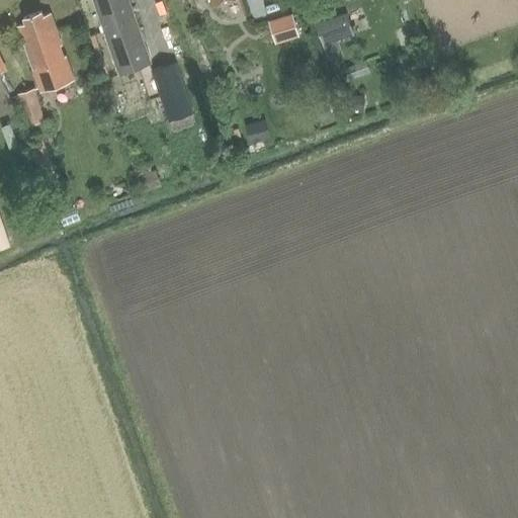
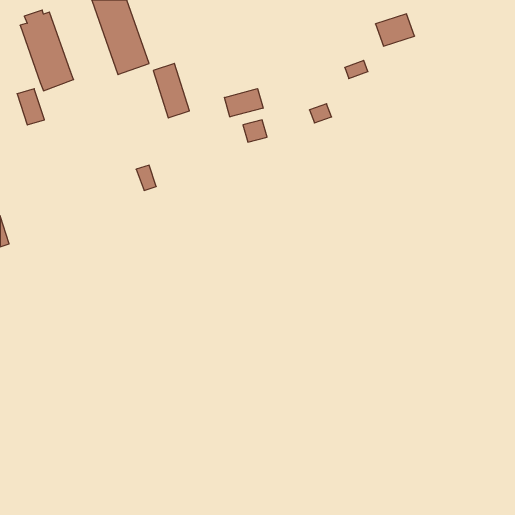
building: [267,13,297,42] -> none
building: [315,13,354,46] -> [375,14,415,46]
building: none -> [224,89,263,117]

